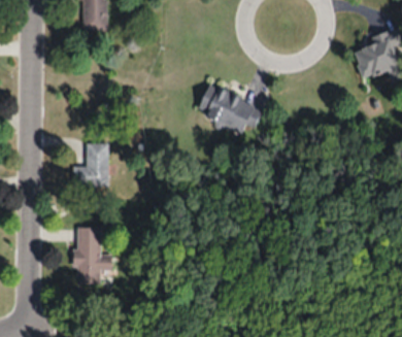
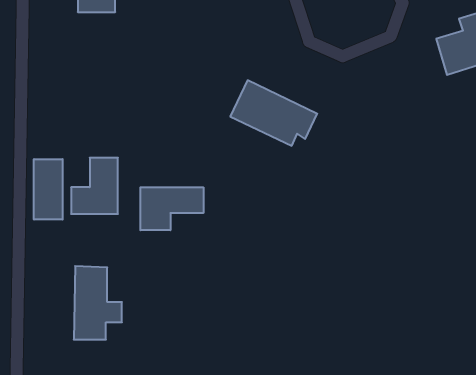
building: none -> [34,159,63,220]
building: none -> [140,187,203,230]

